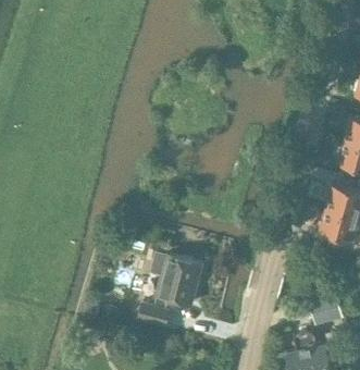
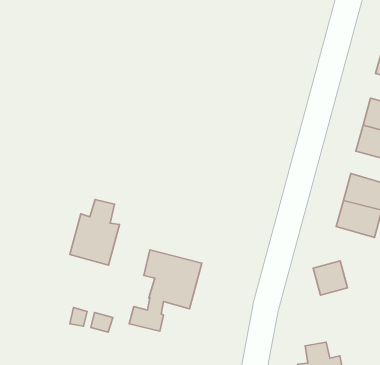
building: none -> [70,199,119,265]
building: [310,295,340,325] -> [313,261,348,295]

